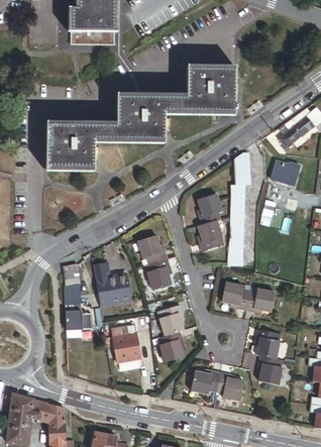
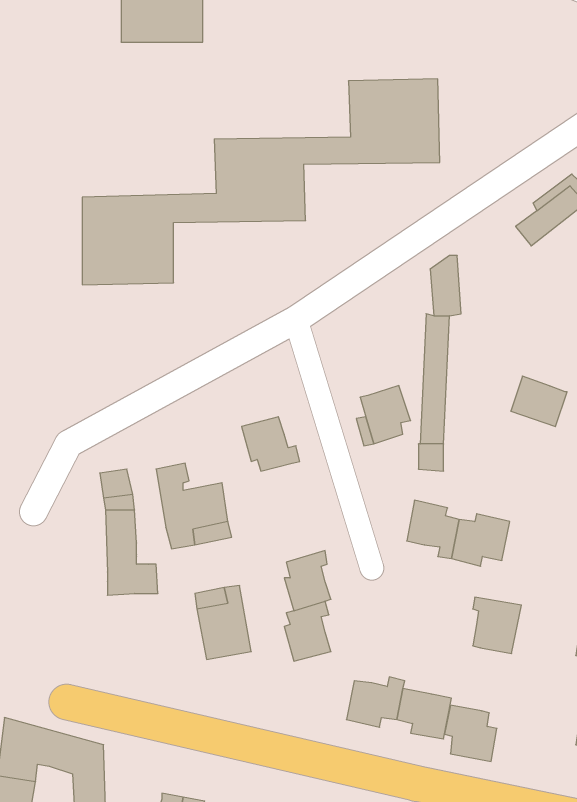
building: [270,162,299,189] -> [511,376,567,427]
building: [198,196,223,227] -> none
building: [144,262,169,292] -> none
building: [256,358,284,387] -> [445,705,497,761]

